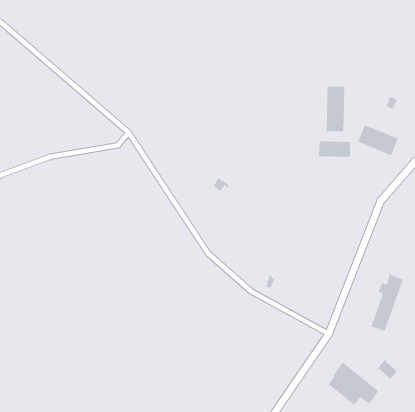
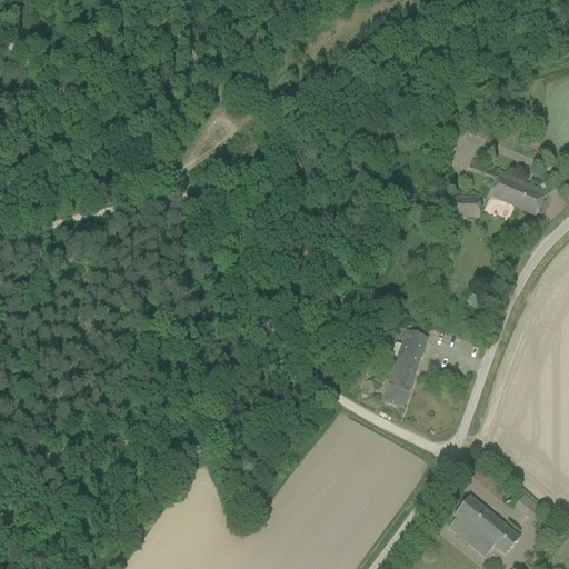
building: [326,86,345,132] -> none
building: [371,273,404,332] -> [382,328,428,408]

